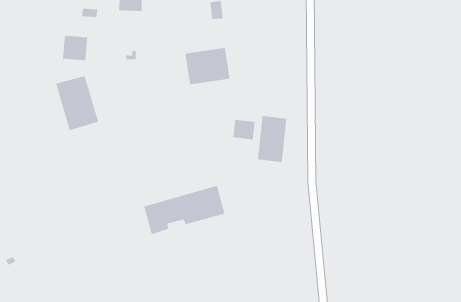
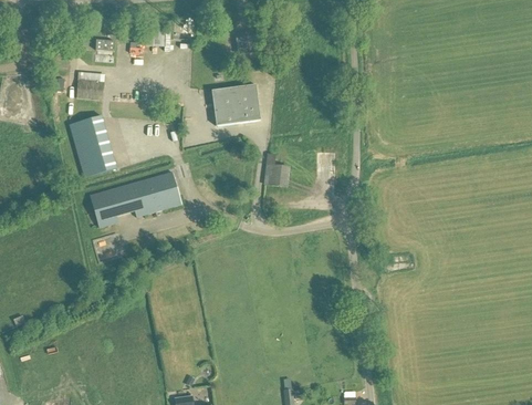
building: [257,115,287,163] -> none
building: [143,185,225,235] -> [90,173,180,228]

